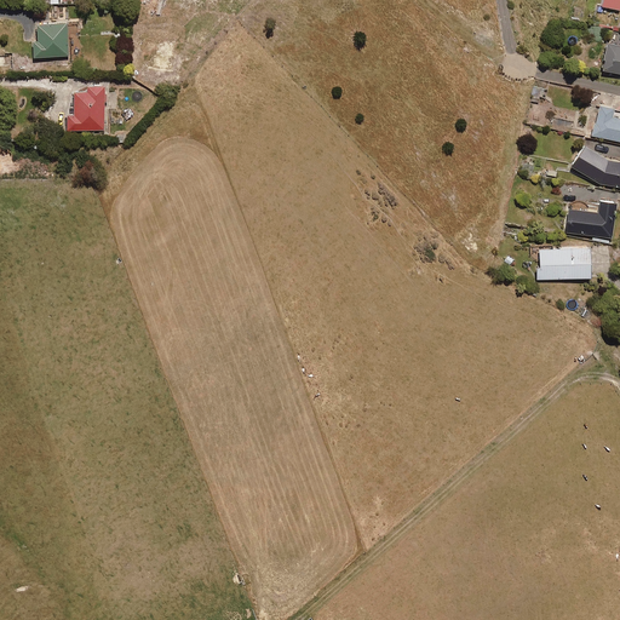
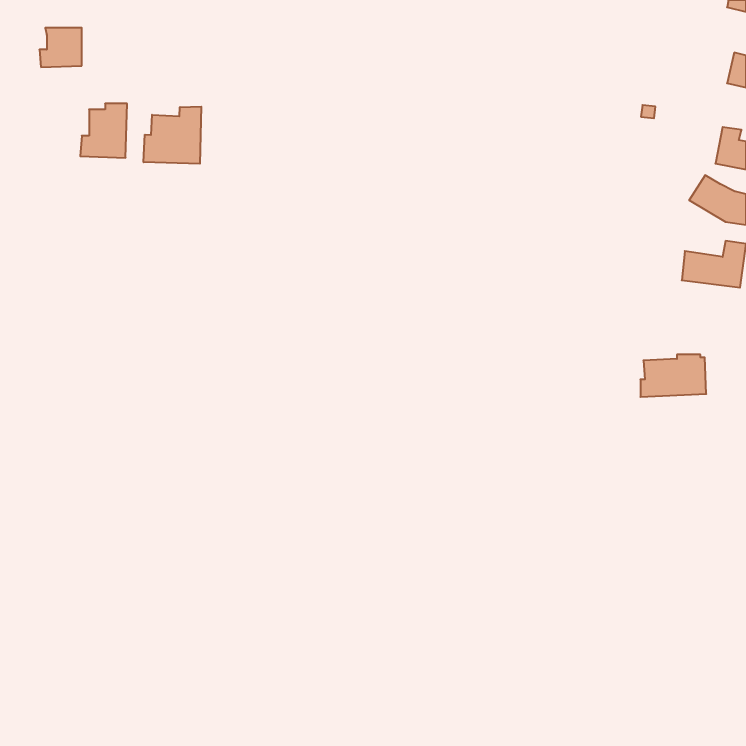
building: none -> [144,107,201,164]
building: [538,245,592,280] -> [640,355,706,397]

